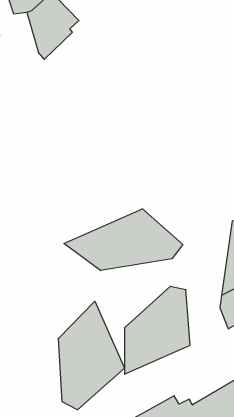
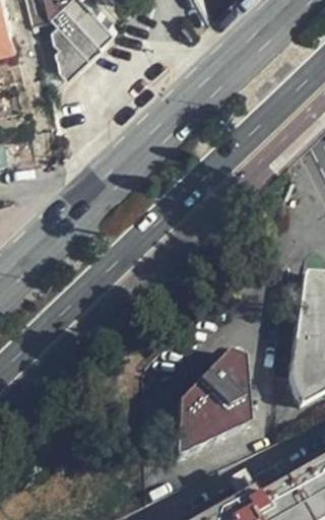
building: [64,209,183,271] -> none
building: [58,301,125,410] -> none

